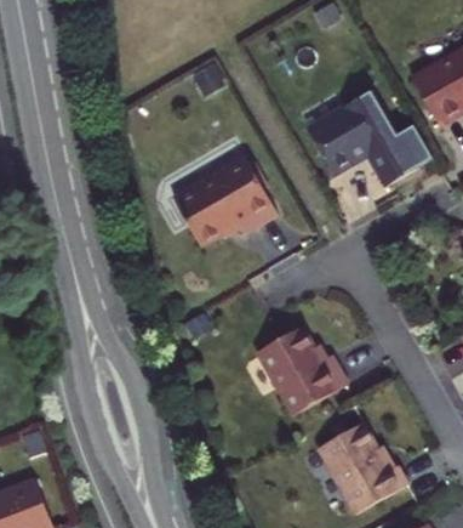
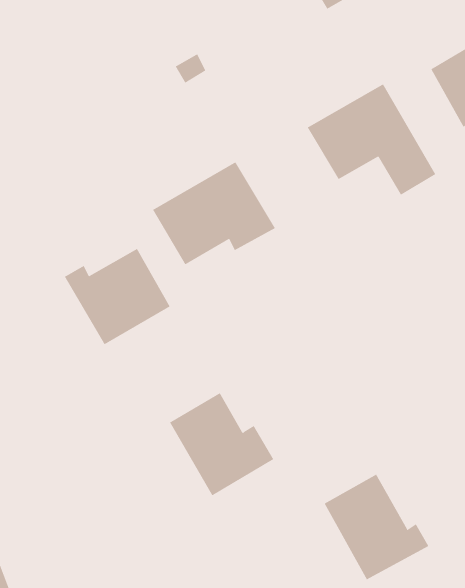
building: none -> [64,248,171,345]
building: [259,328,349,416] -> [169,393,274,496]

